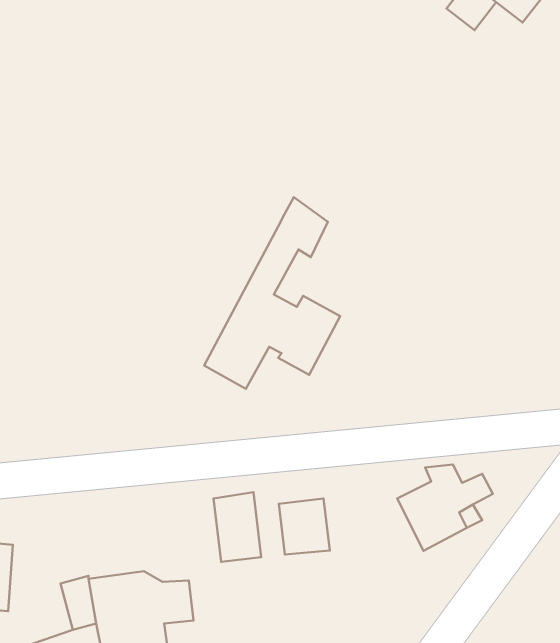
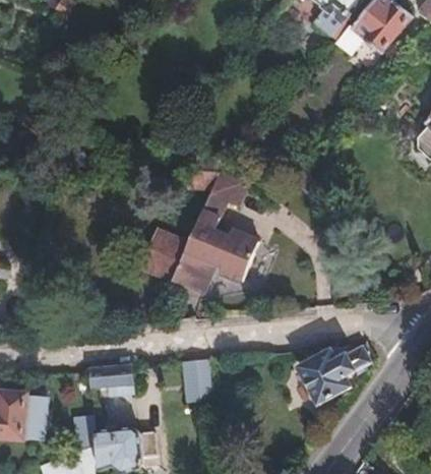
building: none -> [153,221,197,277]
building: none -> [87,363,130,392]
building: [279,498,330,555] -> none

